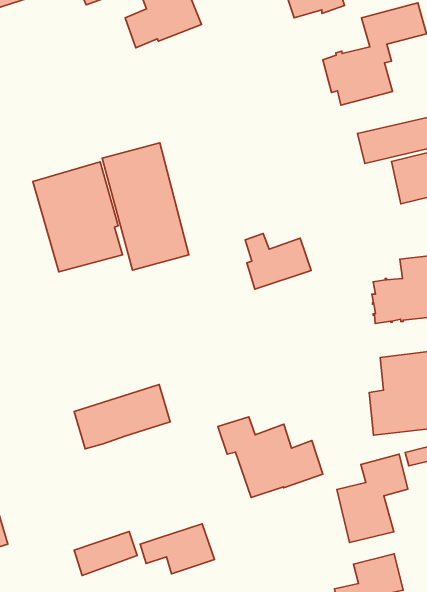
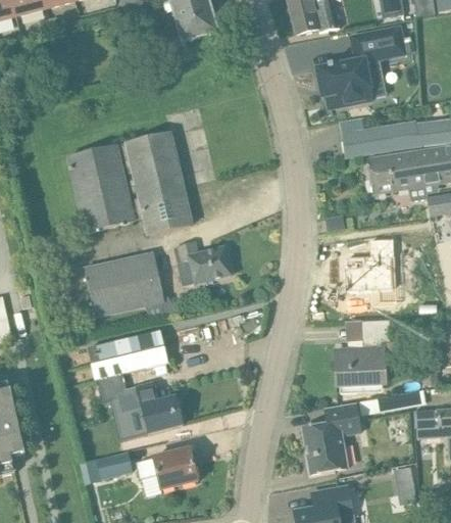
building: [245,234,311,289] -> [177,240,230,286]
building: none -> [84,249,165,316]
building: [218,417,323,498] -> [96,373,181,440]

